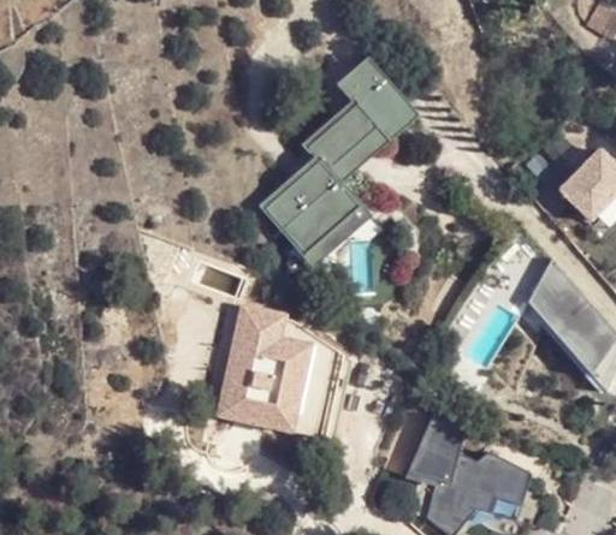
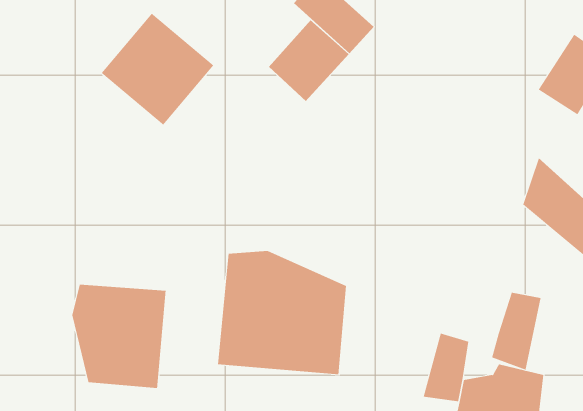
building: [259,155,368,264] -> [101,13,214,126]
building: none -> [72,284,166,389]
building: none -> [492,292,541,370]

